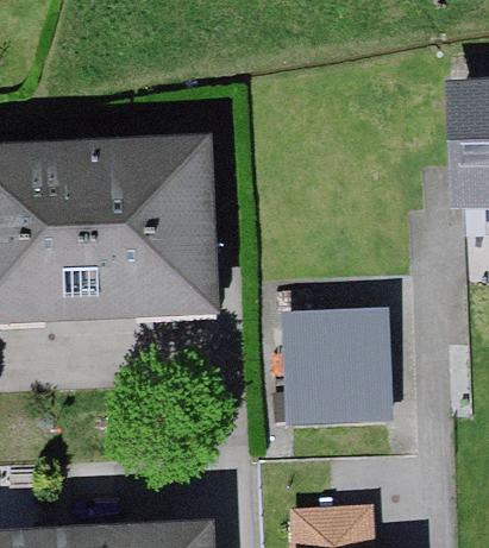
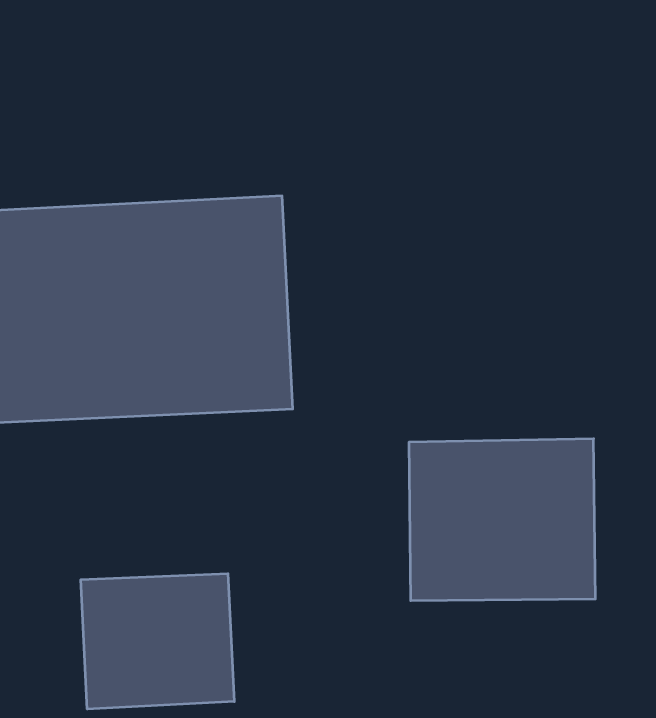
building: none -> [81,574,234,709]

